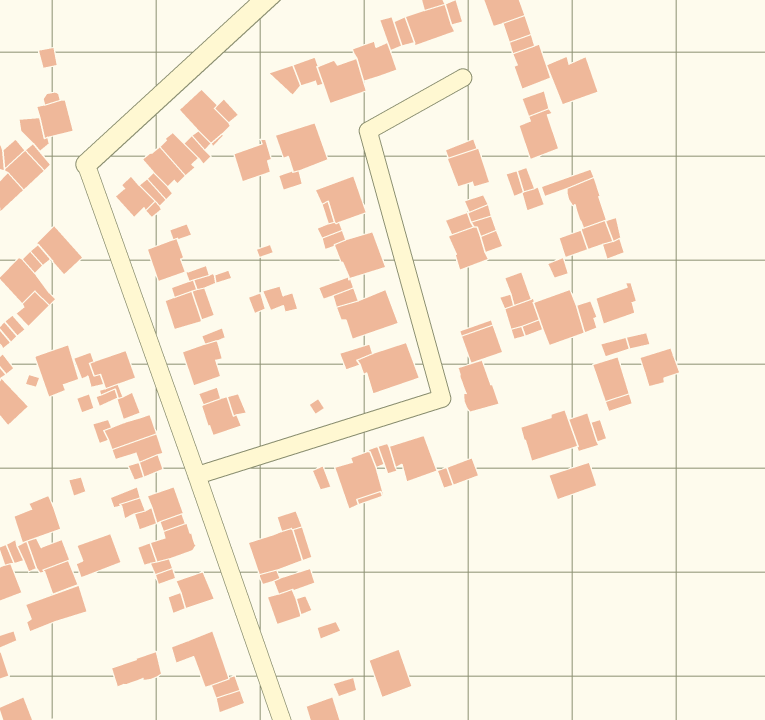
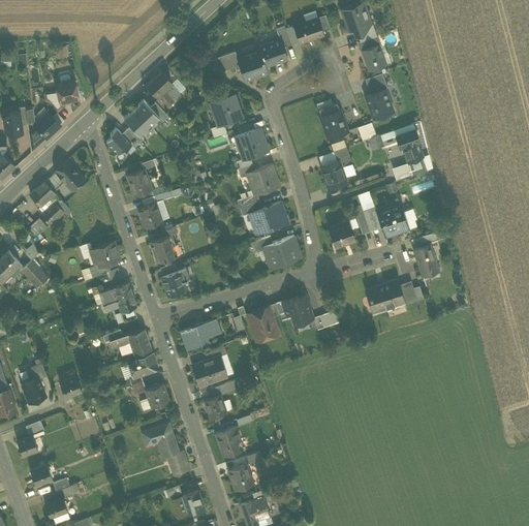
building: [546,56,598,105] -> none
building: [234,139,272,182] -> none
building: [596,283,637,324] -> none
building: [35,344,79,397] -> none
building: [640,348,680,387] -> none
building: [457,359,499,412] -> none
building: [549,462,597,500] -> none
building: none -> [180,319,219,350]
building: [14,495,61,543] -> none
building: [76,533,121,578] -> none
building: [26,585,87,632] -> none
building: [369,649,412,697] -> [215,426,243,457]
building: [111,651,162,687] -> none

